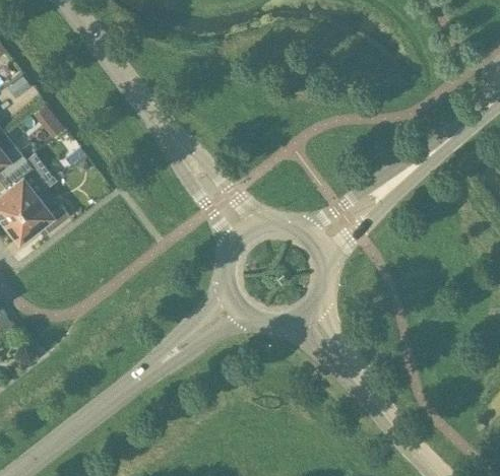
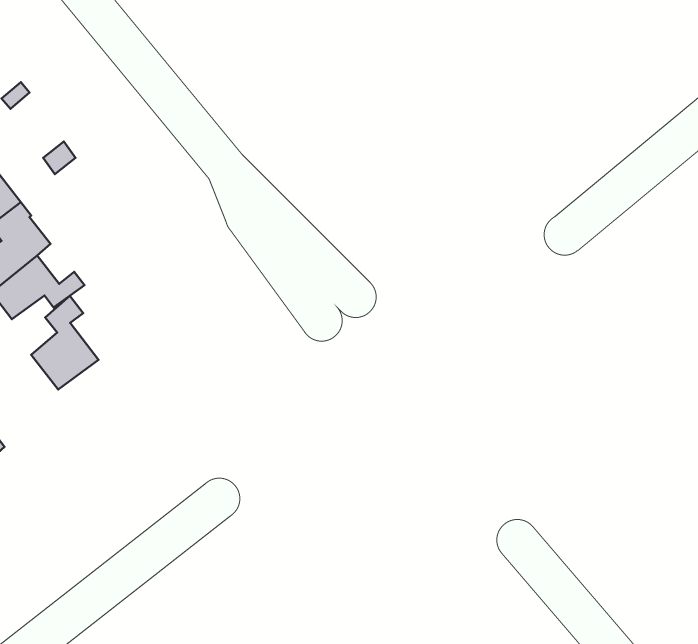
building: none -> [31,296,99,389]

